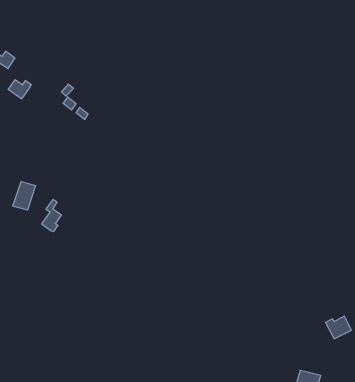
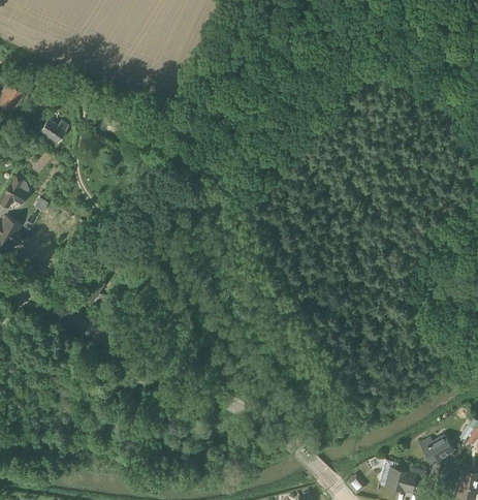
building: [13,182,36,210] -> none
building: [326,316,351,339] -> [421,436,452,463]

